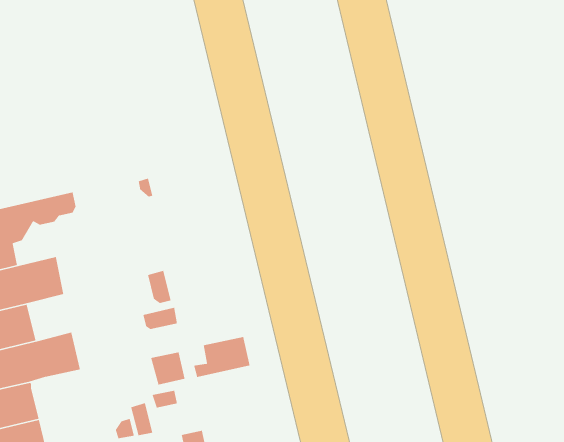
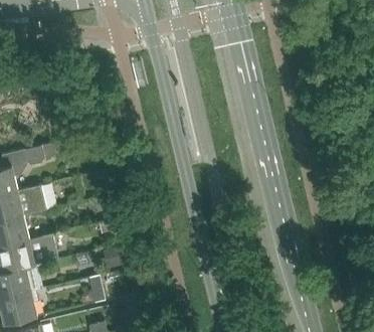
building: [193,336,251,378] -> none

